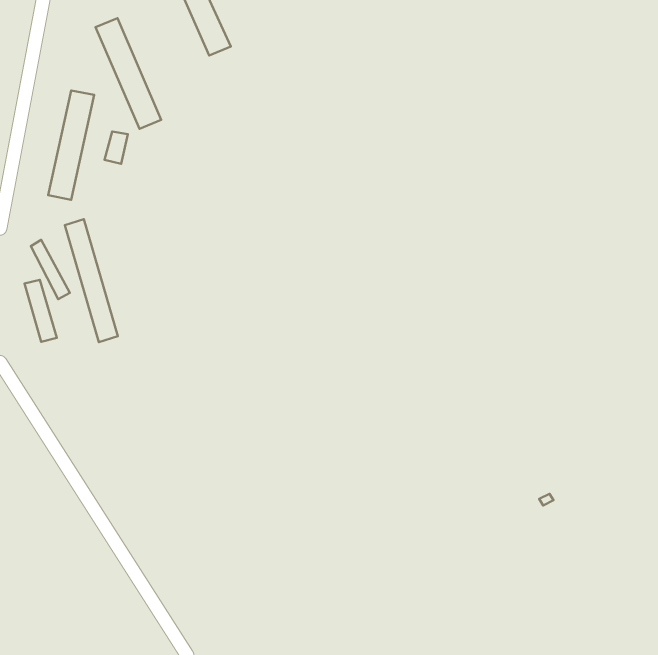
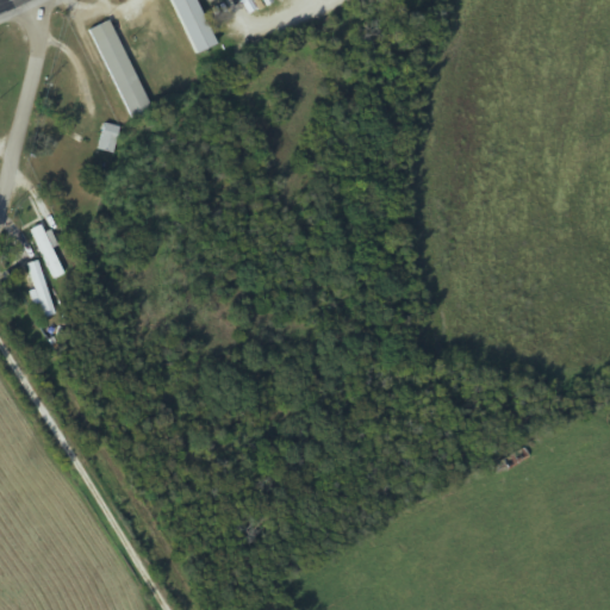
building: [48,90,94,200] -> none
building: [65,219,118,342] -> none

